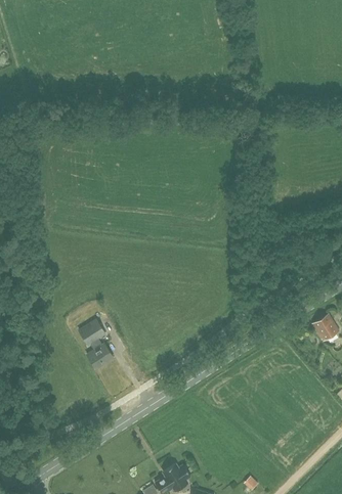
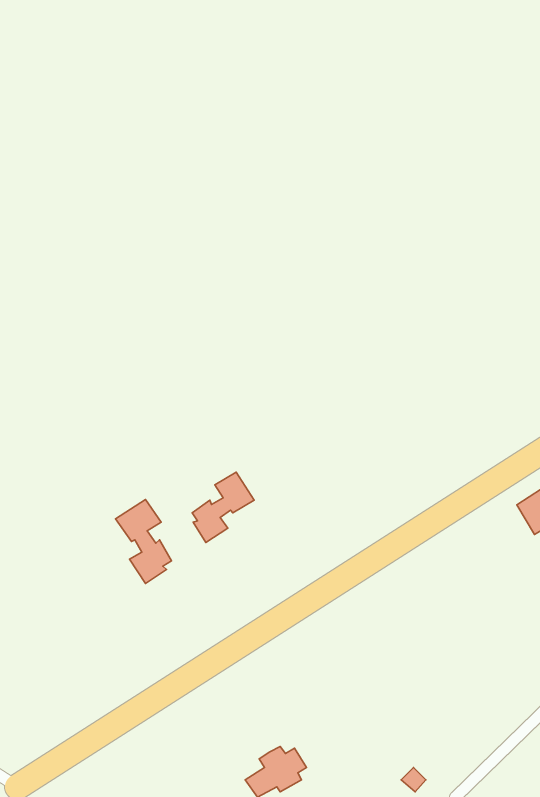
building: none -> [192,472,254,542]

